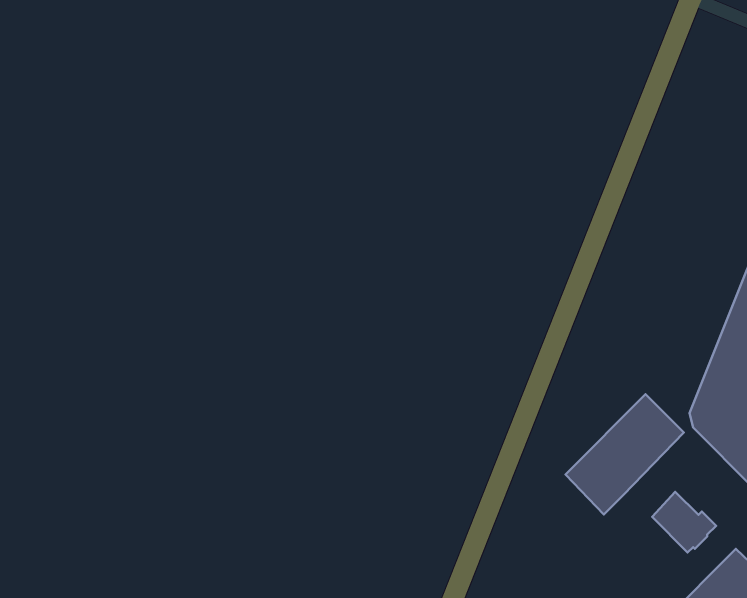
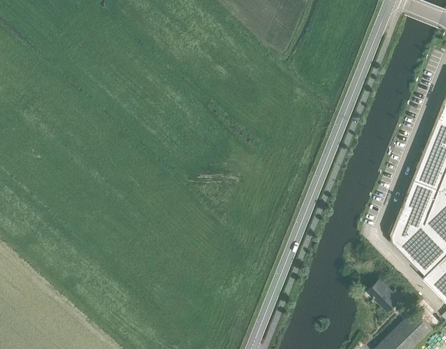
building: [565,394,684,515] -> none

